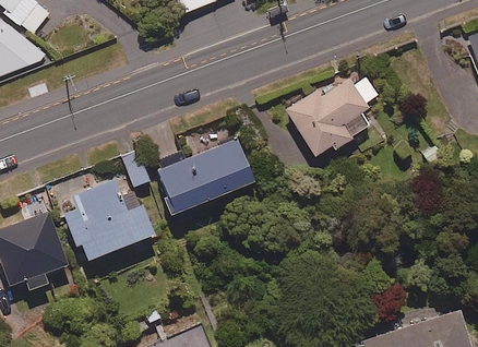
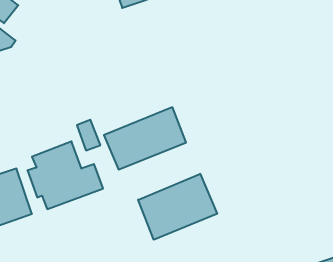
building: [282,75,369,157] -> none
building: none -> [138,174,217,240]

